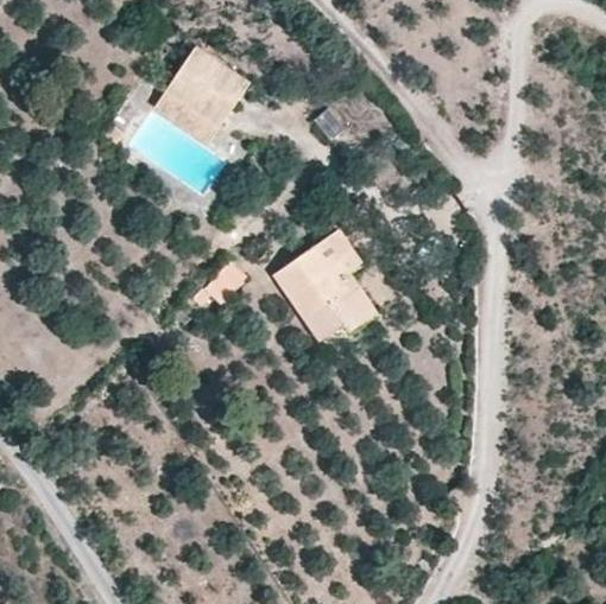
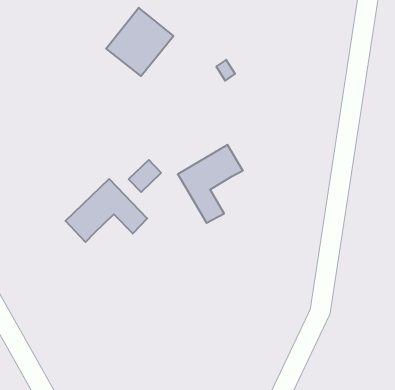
building: [320,273,378,335] -> none
building: none -> [65,179,147,242]

